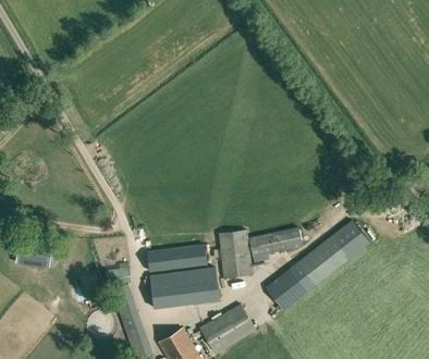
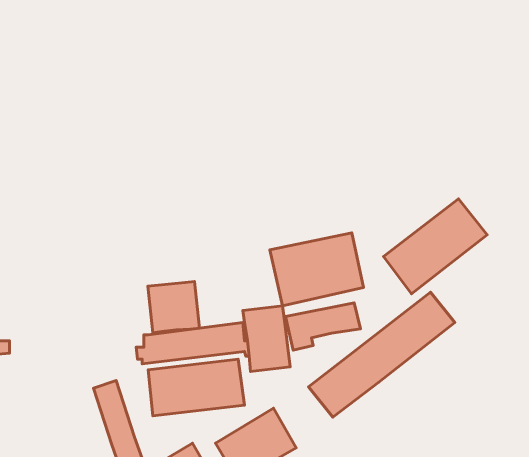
building: none -> [384,199,487,294]
building: none -> [270,233,364,306]
building: none -> [148,281,199,333]

